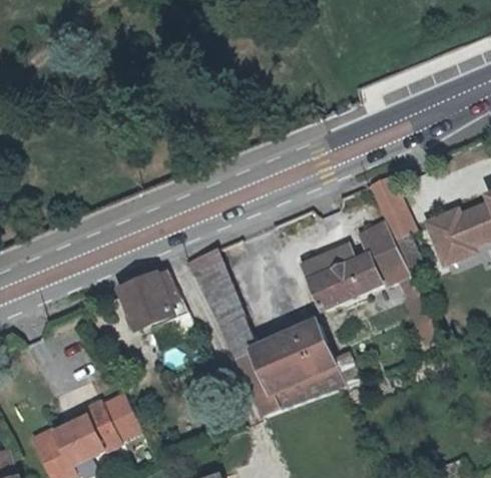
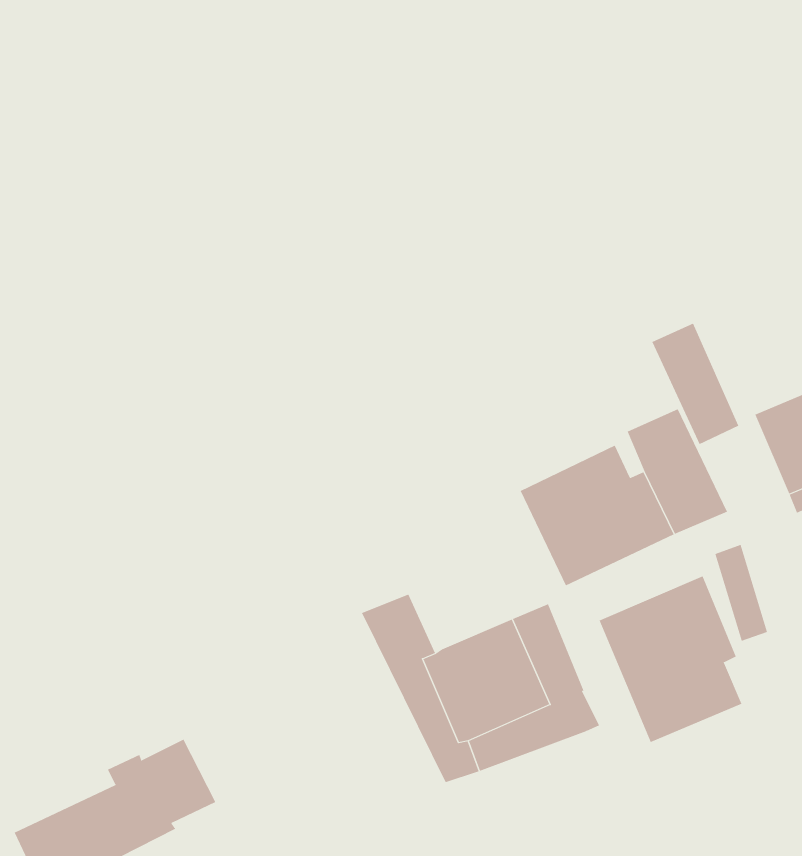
building: [184,246,260,347] -> none
building: [117,268,187,332] -> none
building: none -> [599,575,742,743]

